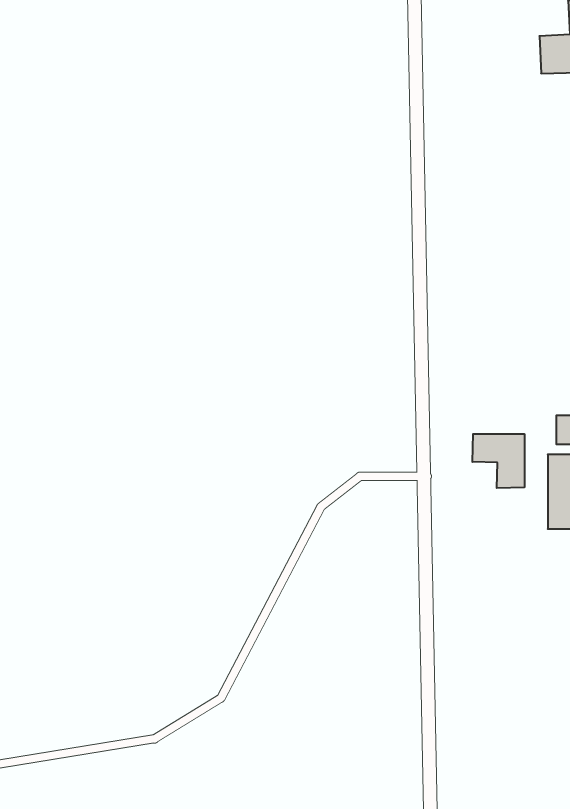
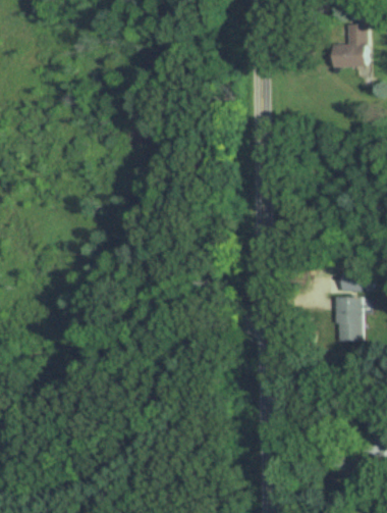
building: [472,434,524,488] -> none

